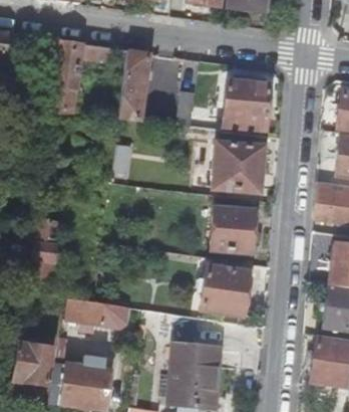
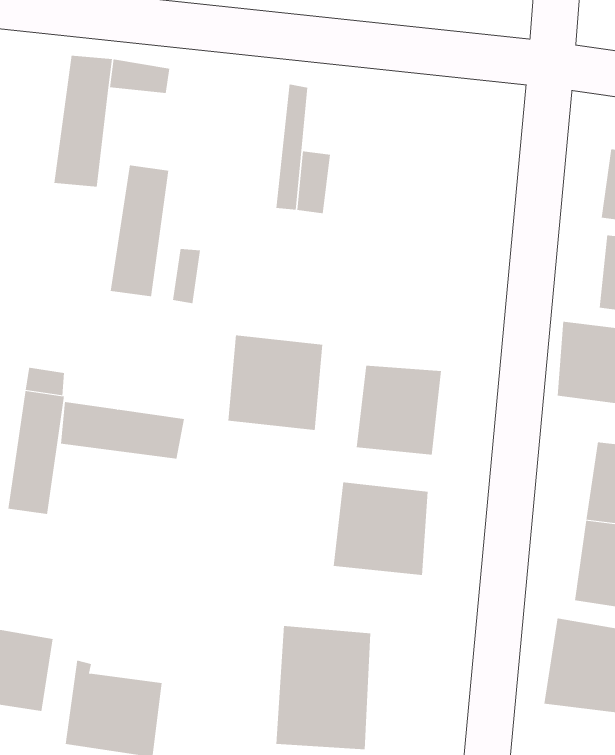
building: [119,50,150,120] -> [110,165,169,297]
building: [222,70,270,133] -> none
building: [212,141,262,191] -> [227,335,323,430]
building: [63,297,128,328] -> [60,402,185,459]

